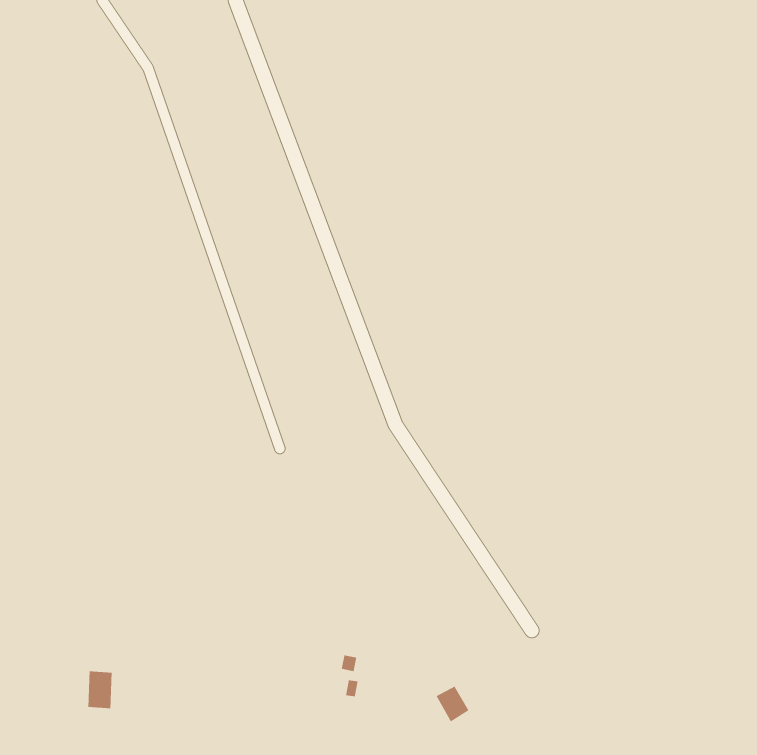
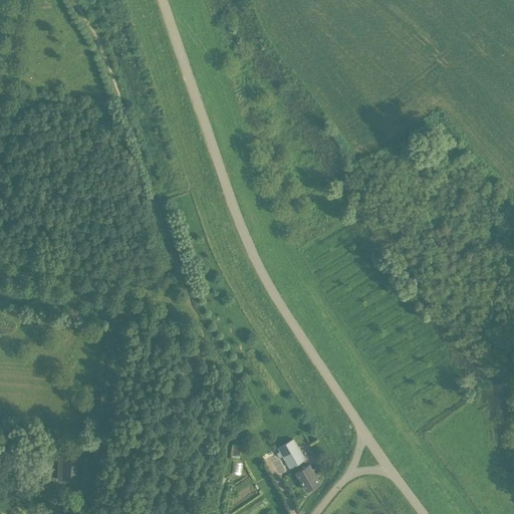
building: none -> [277,440,305,469]

